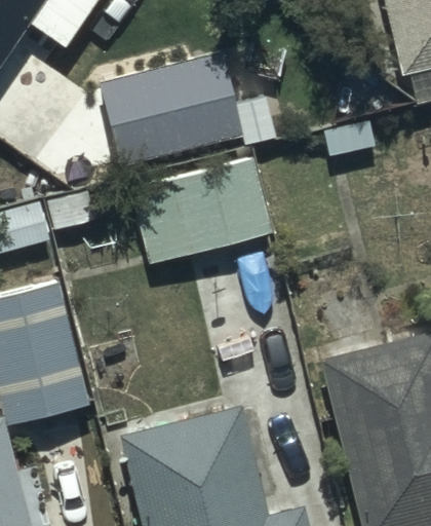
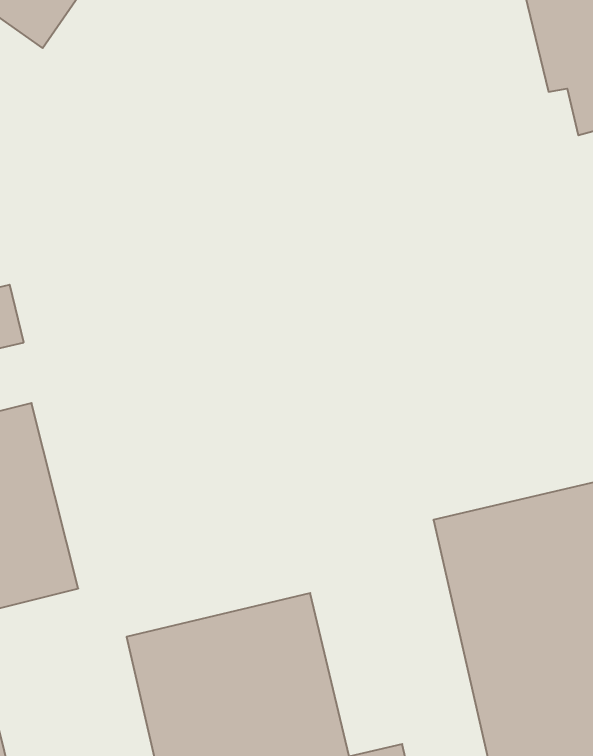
building: [97,53,244,165] -> none
building: [129,158,273,264] -> none

